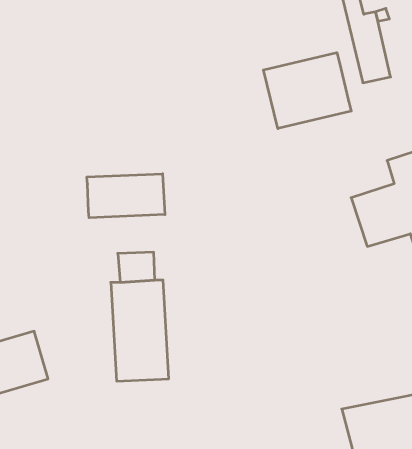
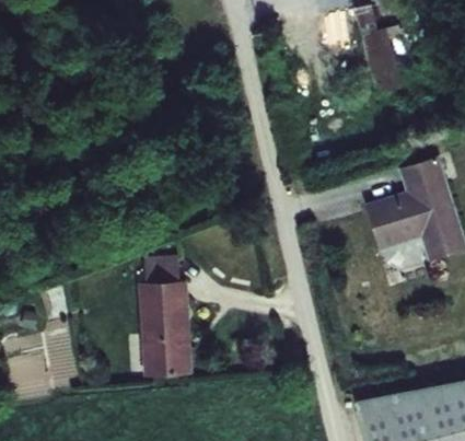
building: [263,53,351,129] -> none
building: [87,174,165,218] -> none

